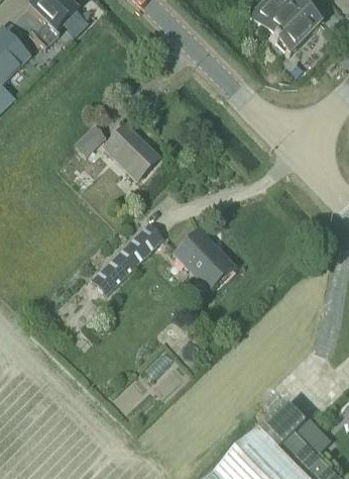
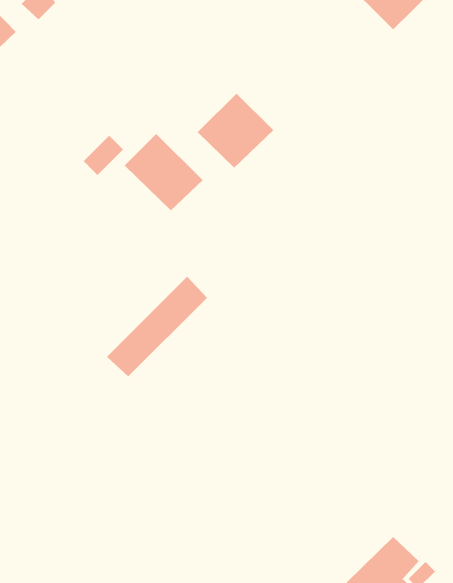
building: none -> [197,93,274,168]
building: [172,229,234,291] -> none

